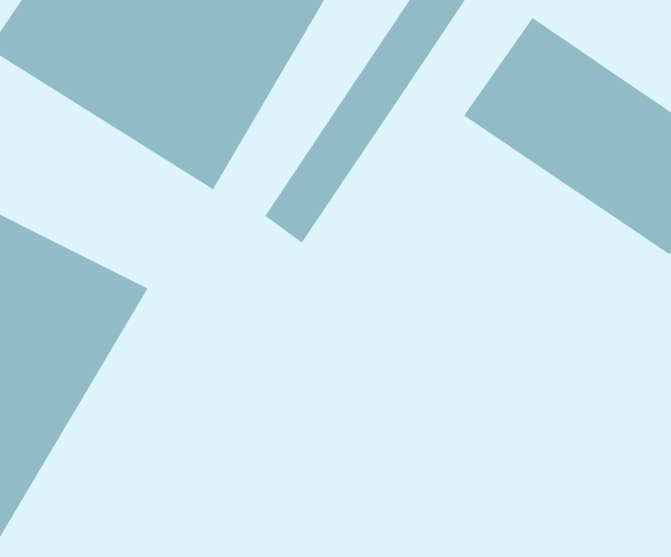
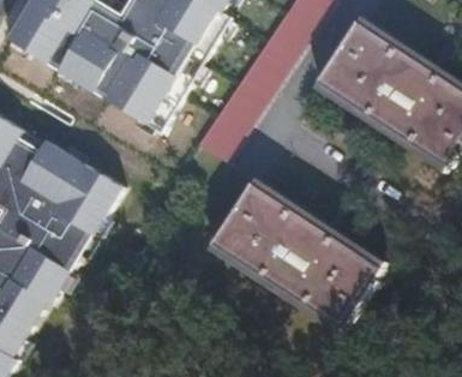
building: none -> [209,181,377,325]

